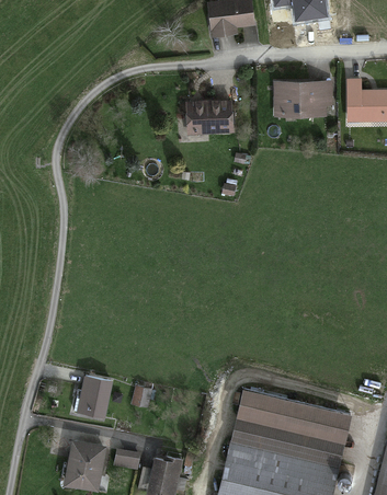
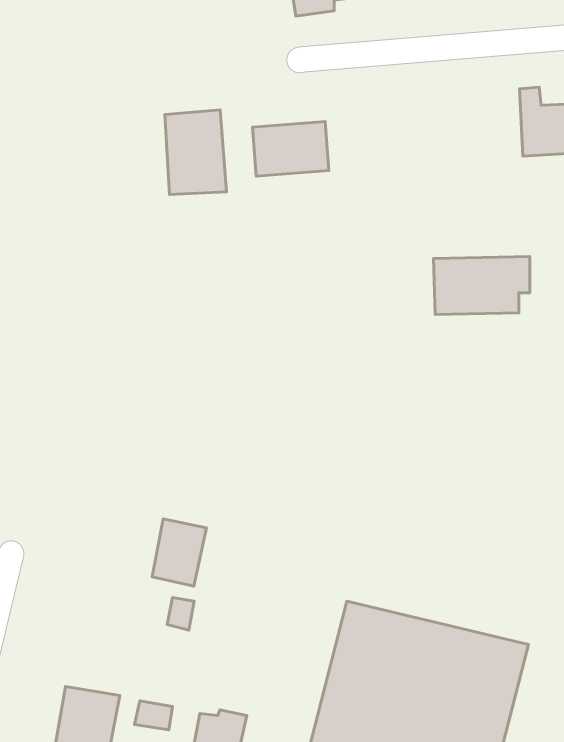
building: [274,82,332,117] -> [433,257,530,315]
building: none -> [165,110,226,194]
building: [79,378,112,418] -> [152,519,207,586]

